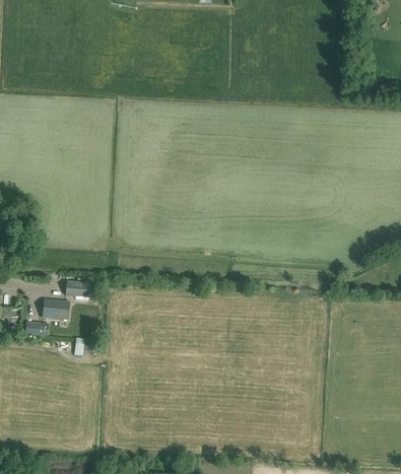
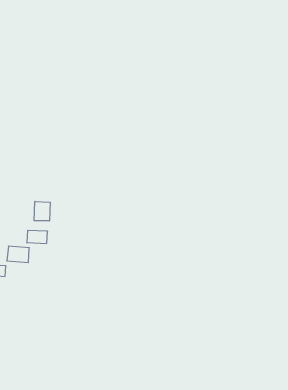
building: none -> [34,201,50,221]

